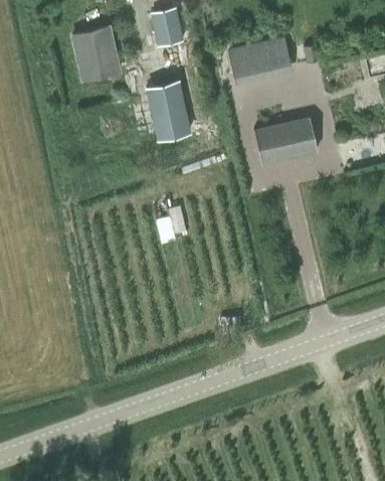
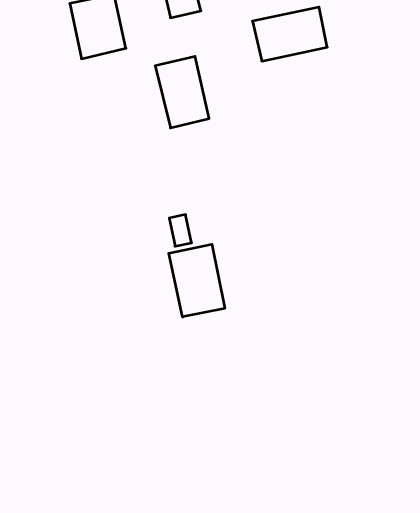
building: [253,117,317,163] -> none
building: none -> [169,244,225,317]

